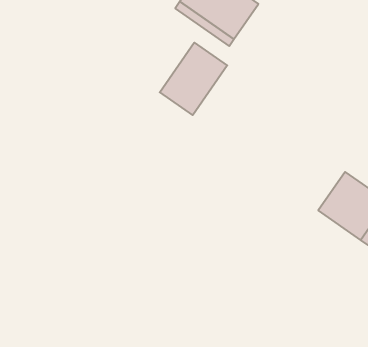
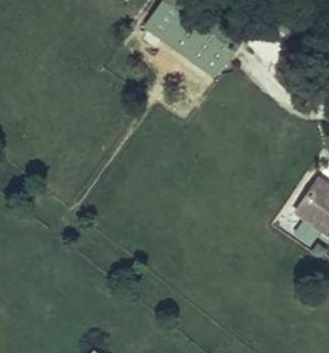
building: [160,43,227,115] -> none

